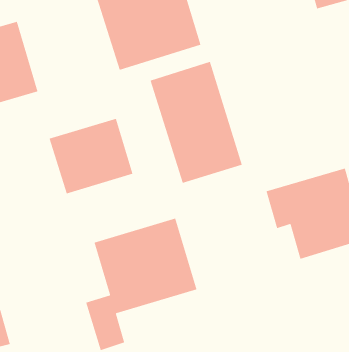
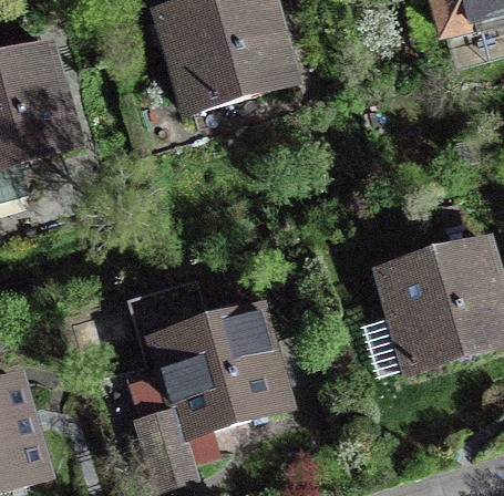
building: [149,61,243,184] -> none
building: [49,118,133,194] -> none

